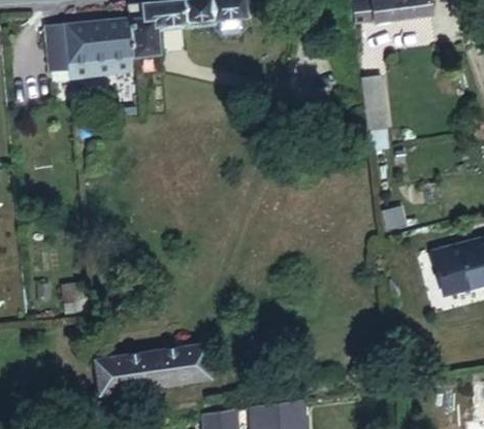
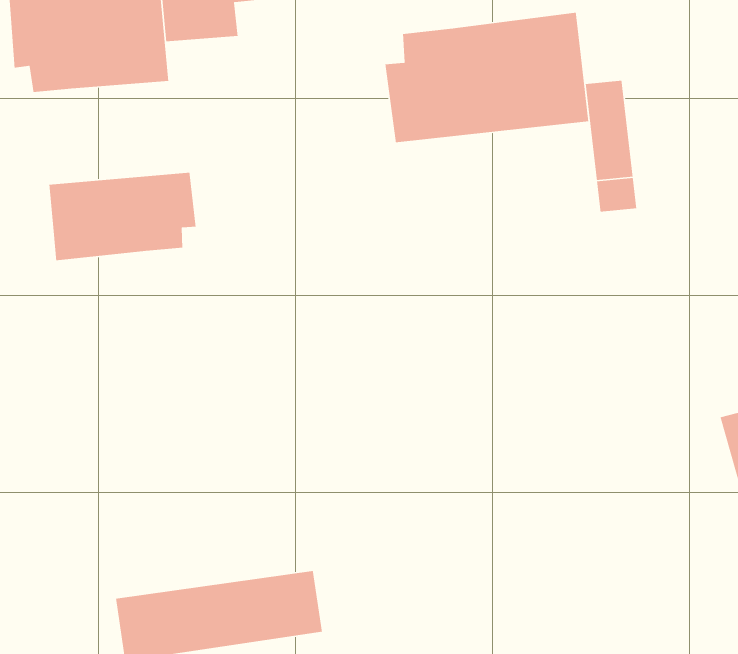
building: none -> [385,12,589,143]
building: none -> [48,172,196,261]

